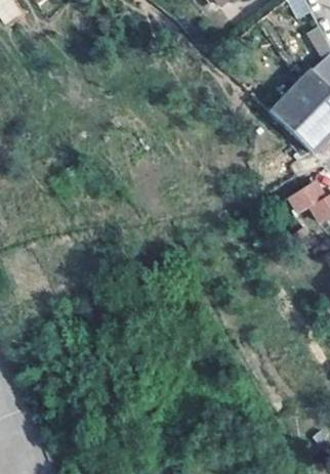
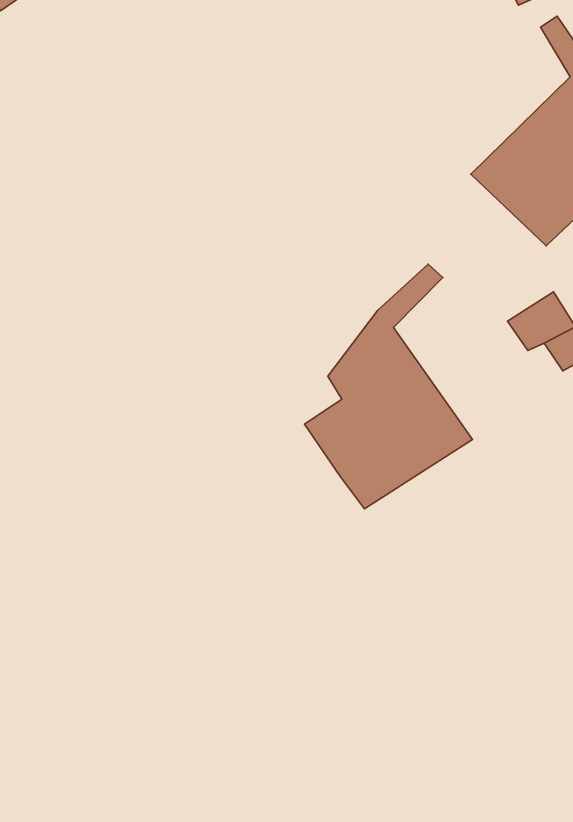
building: none -> [304,264,472,509]

